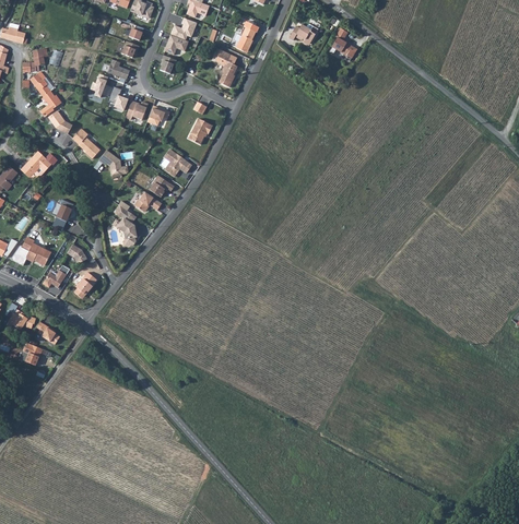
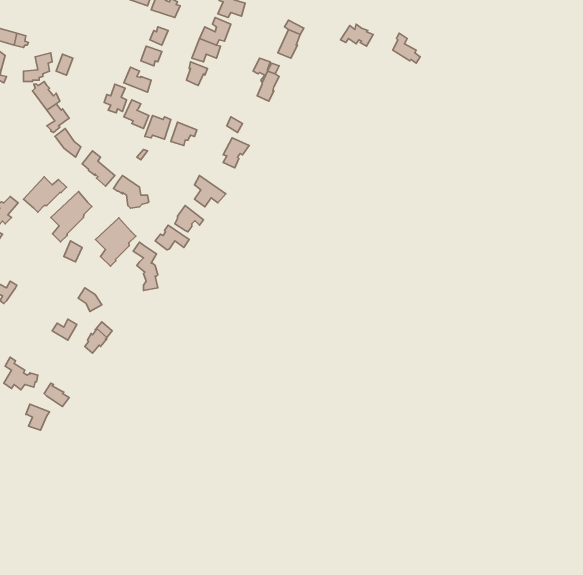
building: none -> [51,191,92,242]
building: none -> [96,218,136,266]
building: [11,237,51,265] -> none

